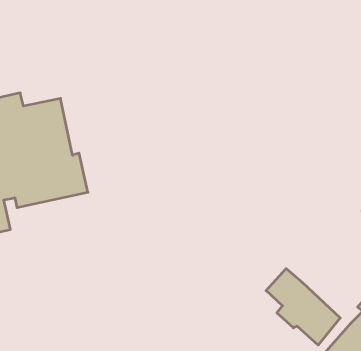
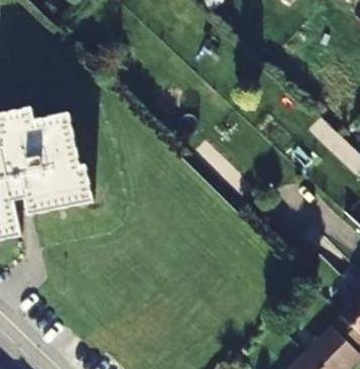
building: [266,269,340,345] -> none

